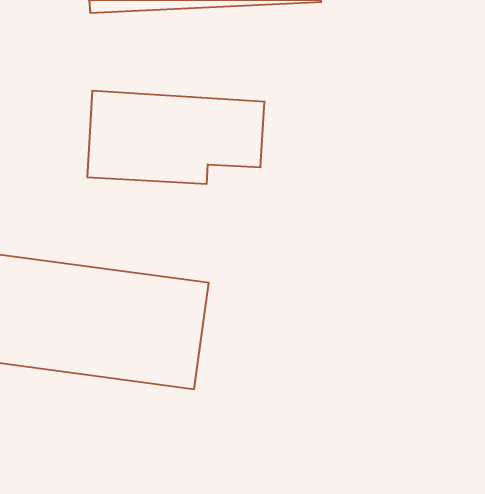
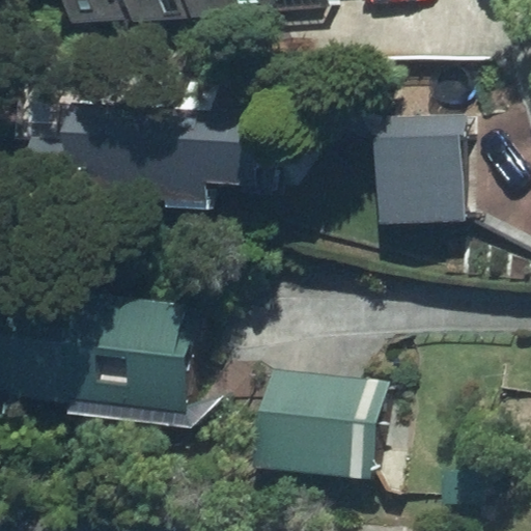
building: none -> [398,121,476,222]
building: none -> [263,371,395,481]

